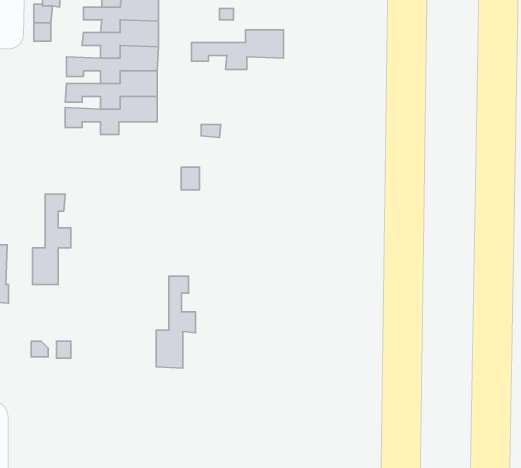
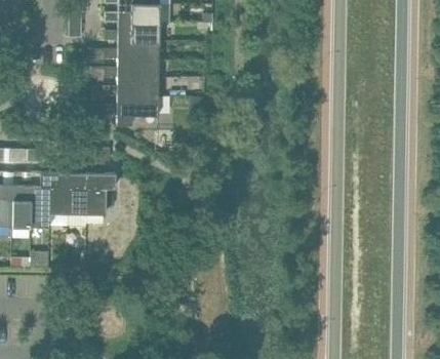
building: [192,30,284,69] -> [91,96,158,125]
building: none -> [48,148,77,214]
building: [156,276,196,368] -> [86,149,115,215]

